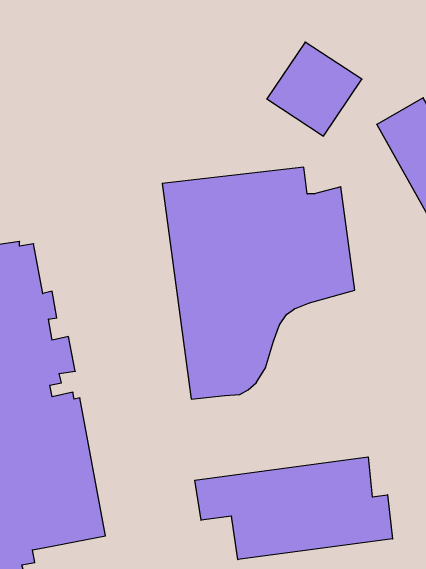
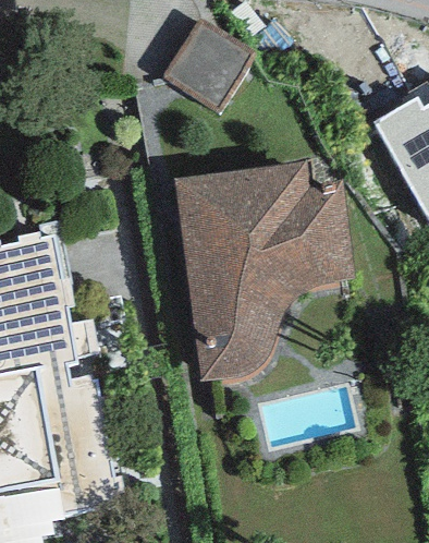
building: [267,42,362,136] -> [164,22,254,110]
building: [195,457,393,560] -> none

